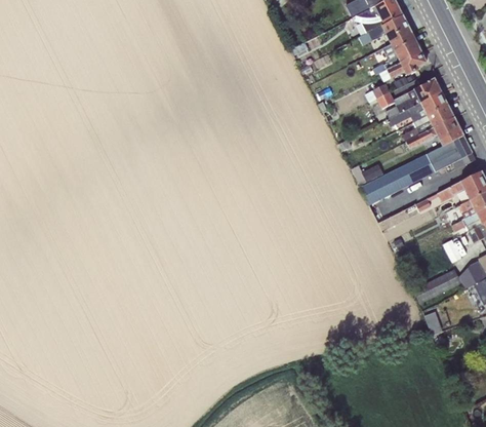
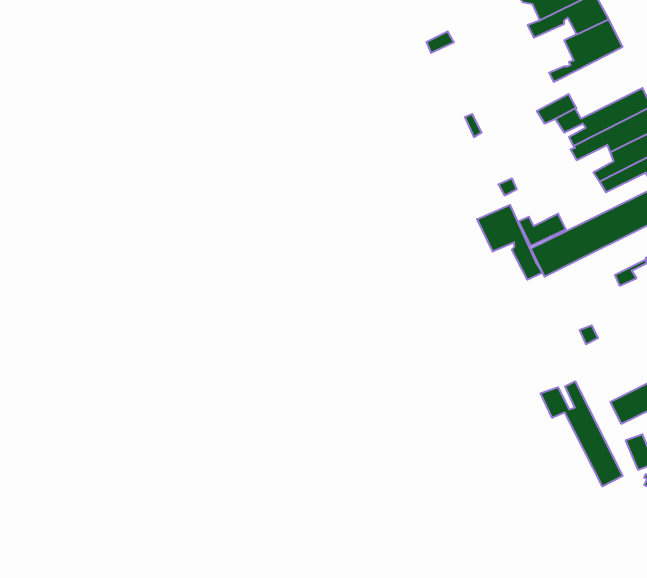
building: [379,50,427,81] -> none
building: none -> [477,205,543,280]
building: none -> [541,381,623,486]

